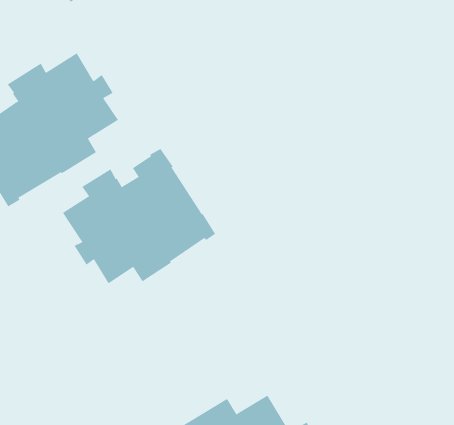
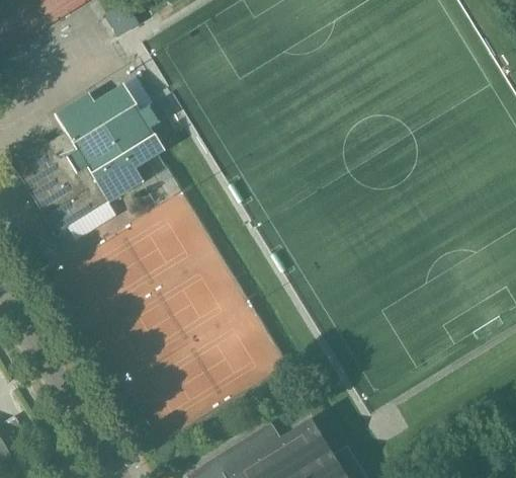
building: [62,148,216,284] -> none

